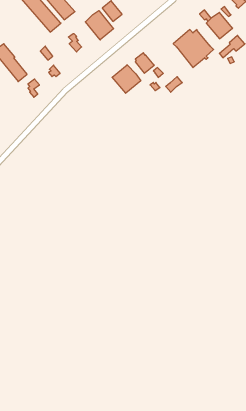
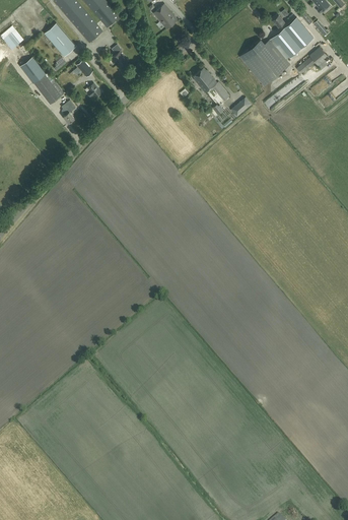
building: [85,11,114,40] -> none
building: none -> [45,23,76,57]
building: none -> [270,31,297,60]
building: [112,65,141,93] -> none

